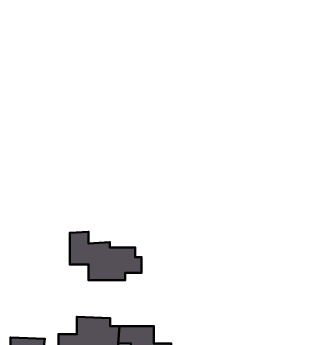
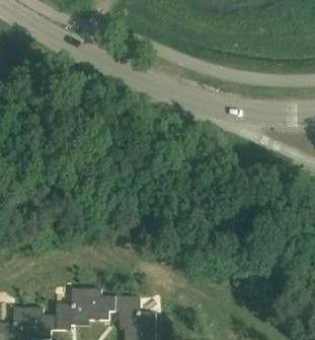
building: [70,232,141,280] -> none

